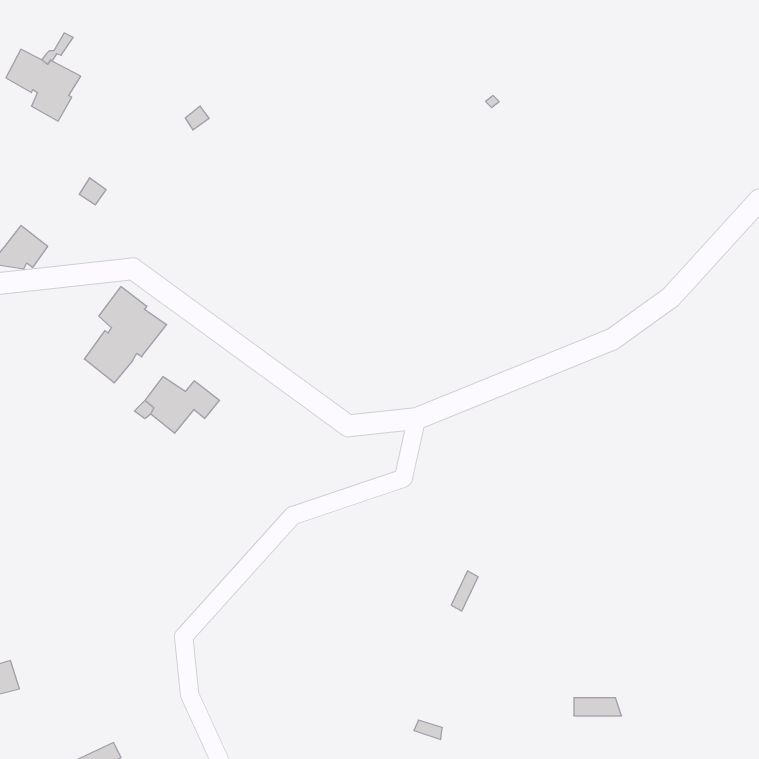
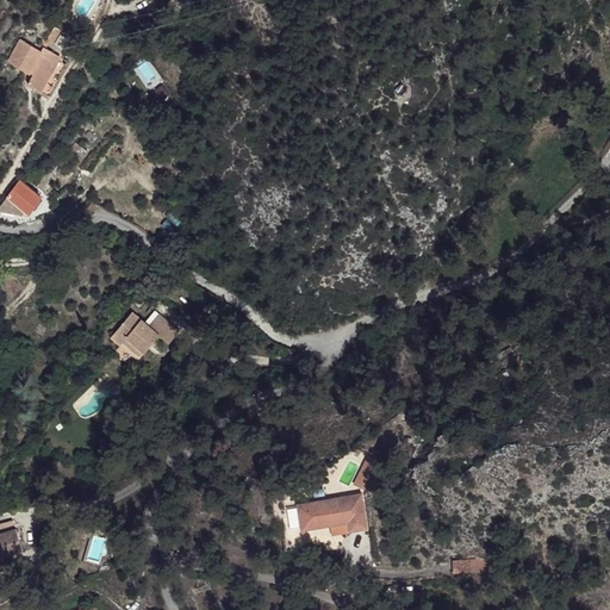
building: [84,287,167,383] -> none
building: none -> [304,499,372,531]

